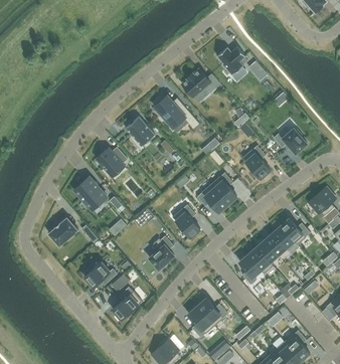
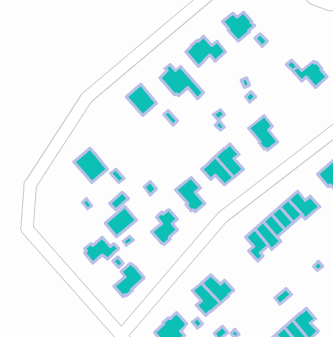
building: [274,129,307,154] -> [293,61,327,87]
building: [97,148,128,177] -> none
building: [48,217,78,246] -> [105,206,136,237]

